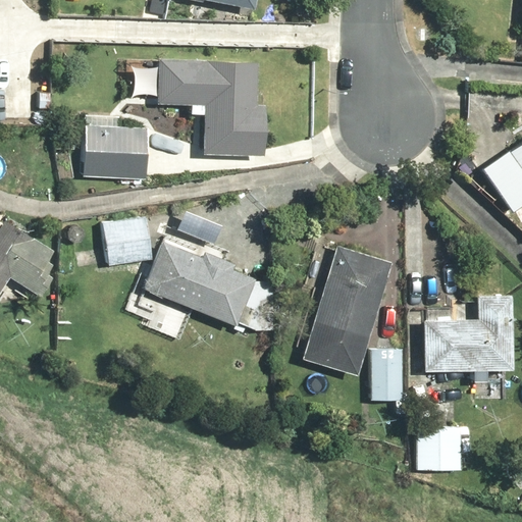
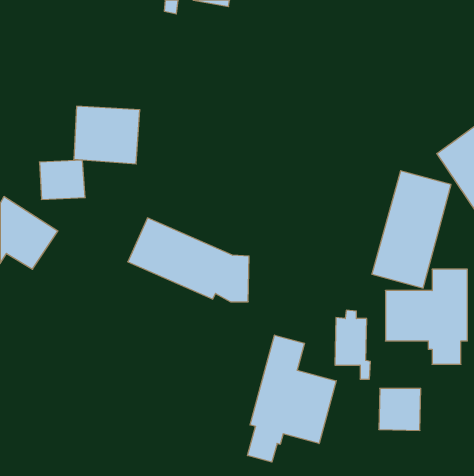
building: [129,60,266,158] -> none
building: [103,220,153,263] -> [39,160,85,199]
building: [303,245,389,373] -> [372,171,451,288]
building: none -> [248,335,336,462]

